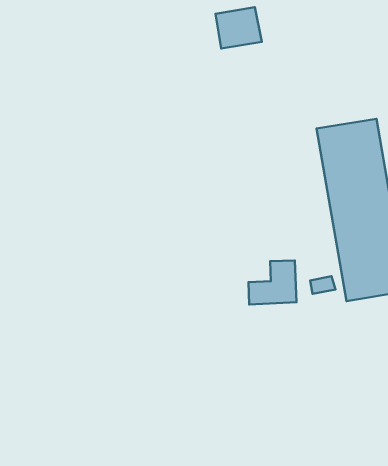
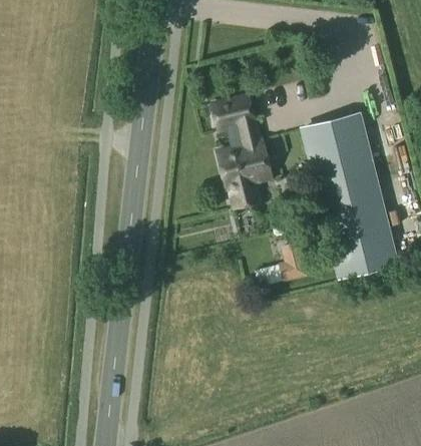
building: [215,7,262,48] -> [218,93,259,130]
building: none -> [223,138,276,205]

